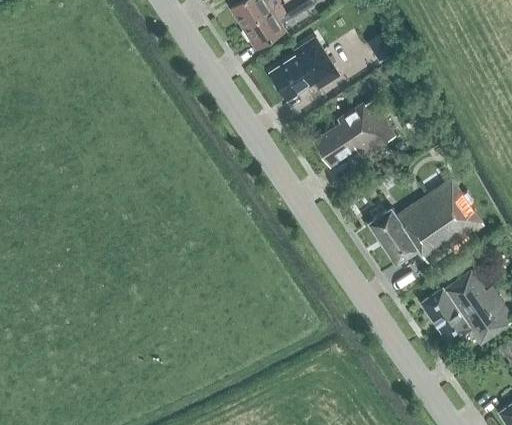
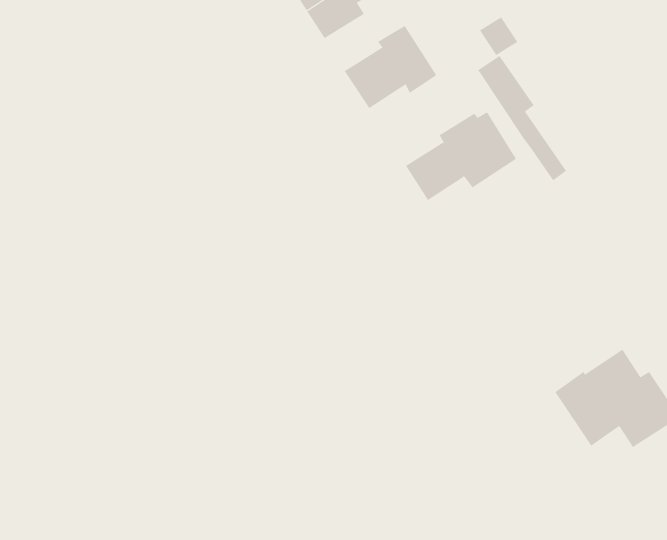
building: none -> [477,55,567,181]
building: [368,179,480,263] -> none

